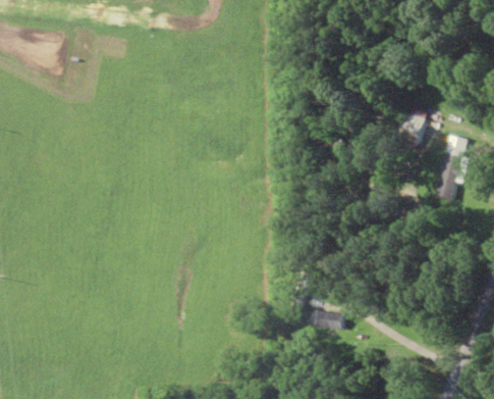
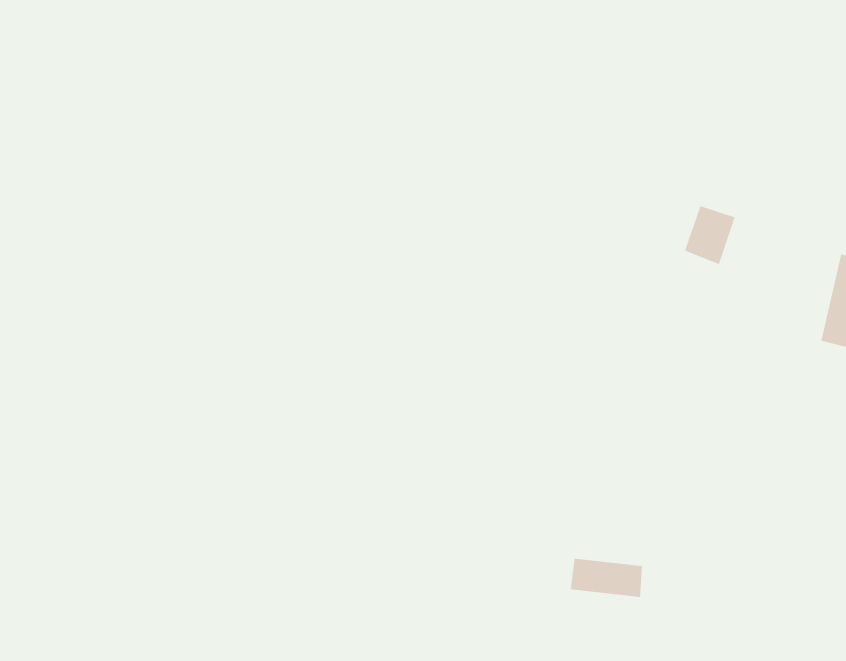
building: [400,112,427,143] -> [684,205,735,265]

